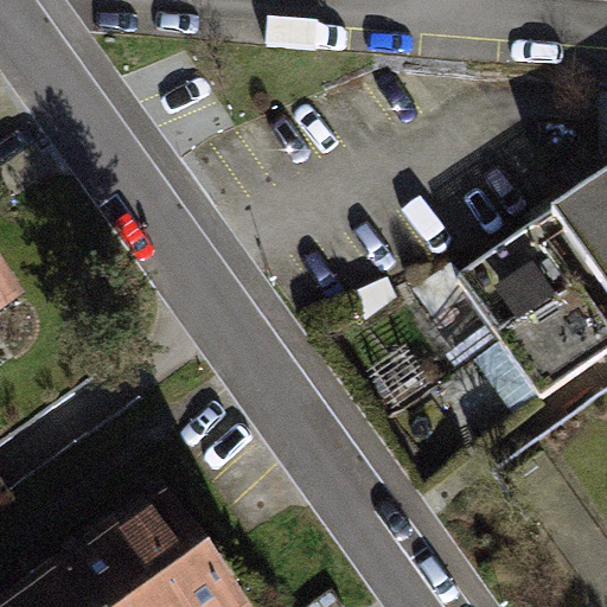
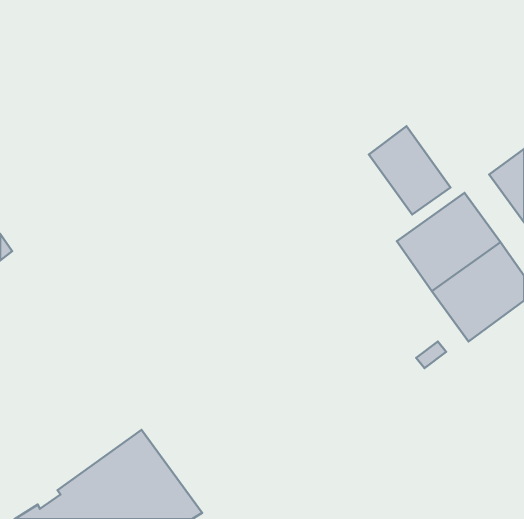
building: none -> [369,126,450,214]

